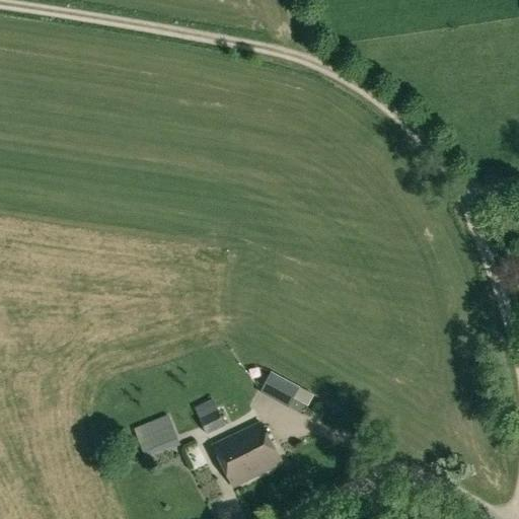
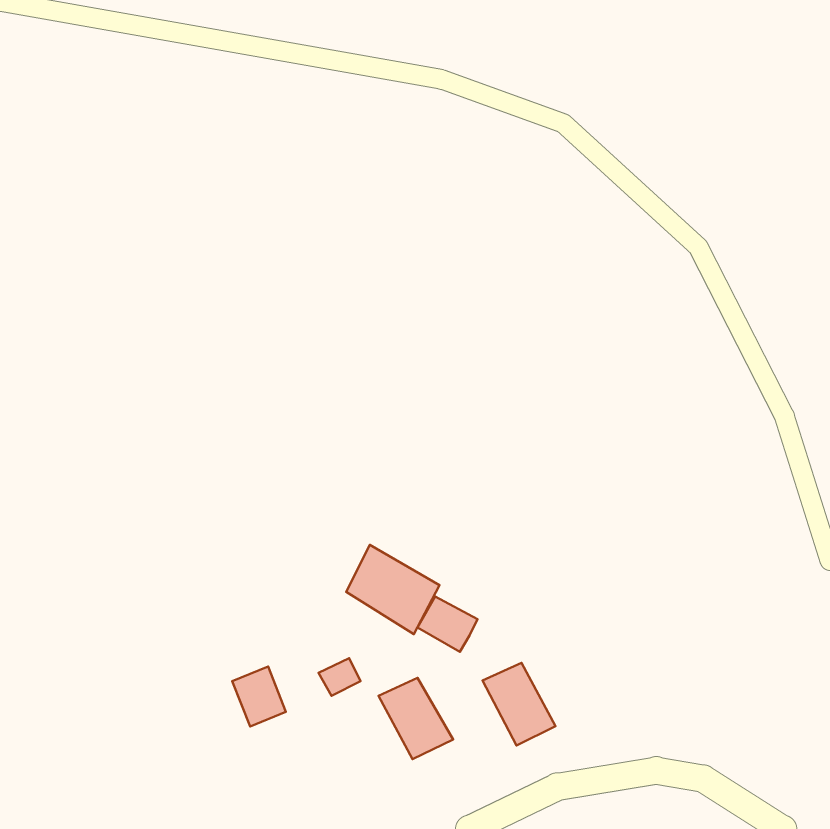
building: none -> [346,545,440,634]
building: [212,434,257,486] -> [483,663,556,746]

